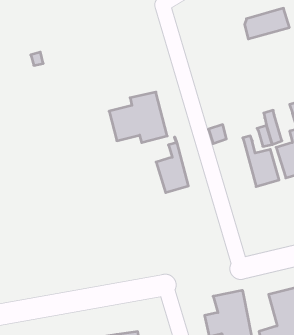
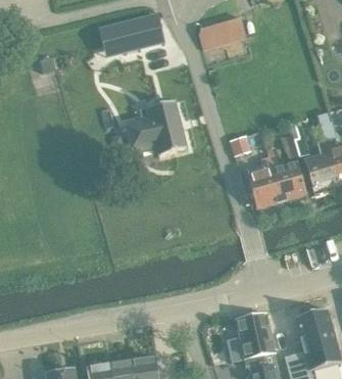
building: [245,8,289,39] -> [199,15,247,48]
building: none -> [100,13,164,51]
building: [156,137,188,193] -> [247,149,282,208]

